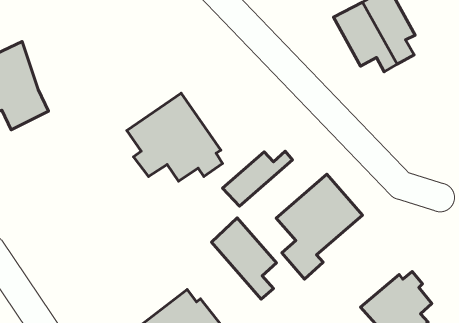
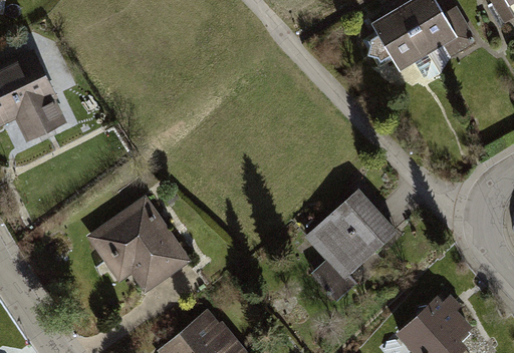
building: [127,93,223,181] -> [88,199,191,293]
building: [222,151,292,206] -> none
building: [211,218,277,299] -> none

